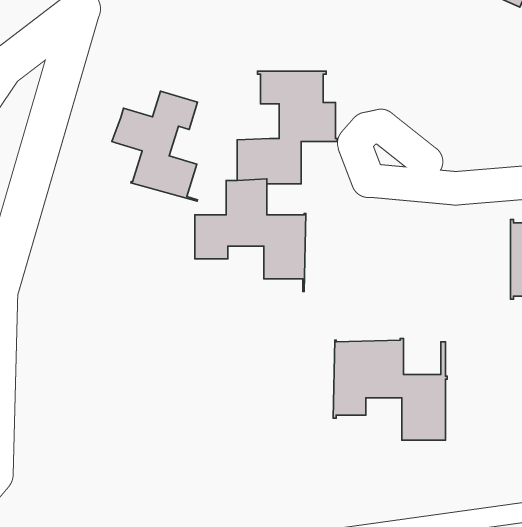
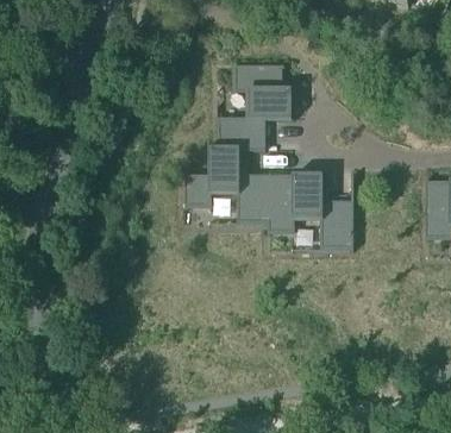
building: [112,91,197,201] -> none
building: [333,339,447,440] -> [269,171,356,249]

